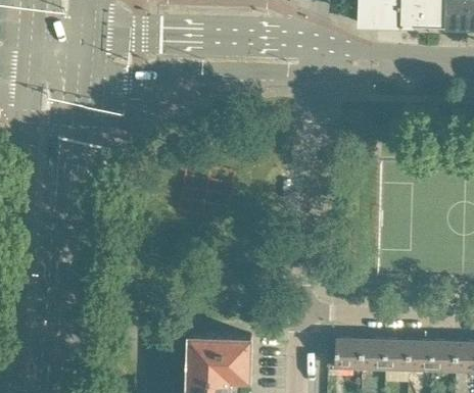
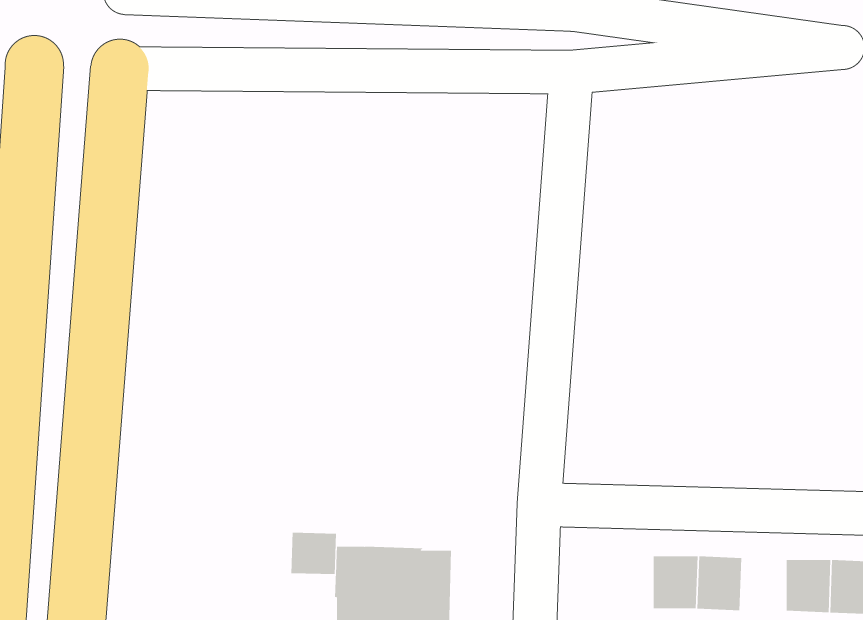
building: none -> [291,532,336,575]
building: [326,339,359,369] -> none
building: [406,341,430,370] -> none

